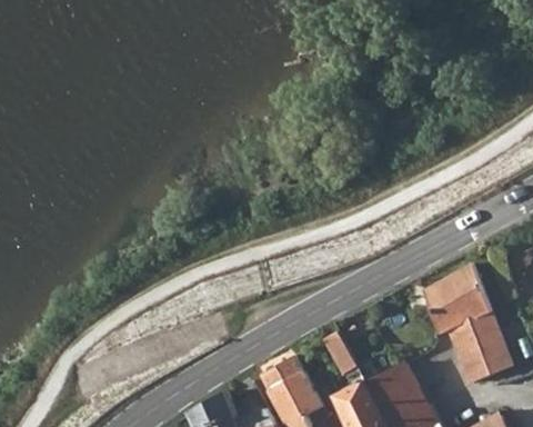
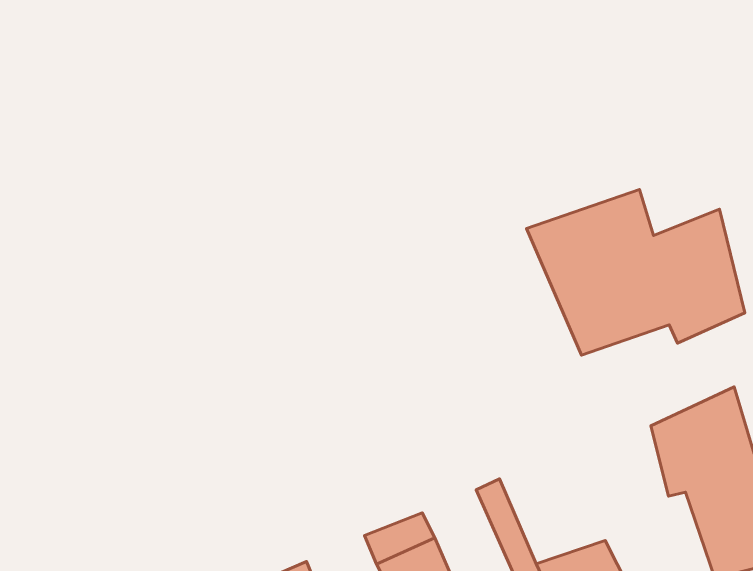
building: none -> [526,190,745,355]

